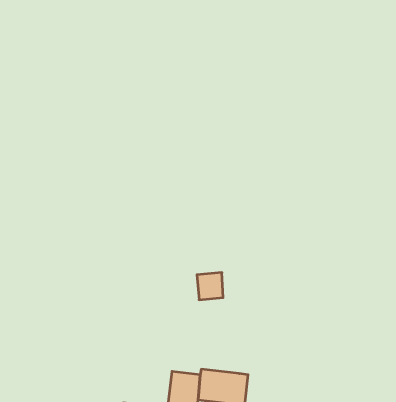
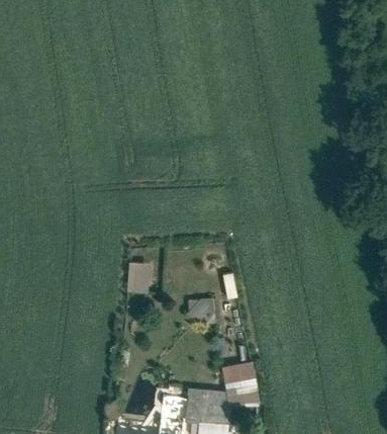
building: none -> [128,263,151,294]
building: none -> [222,362,256,394]

